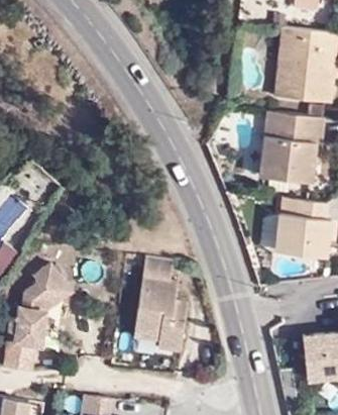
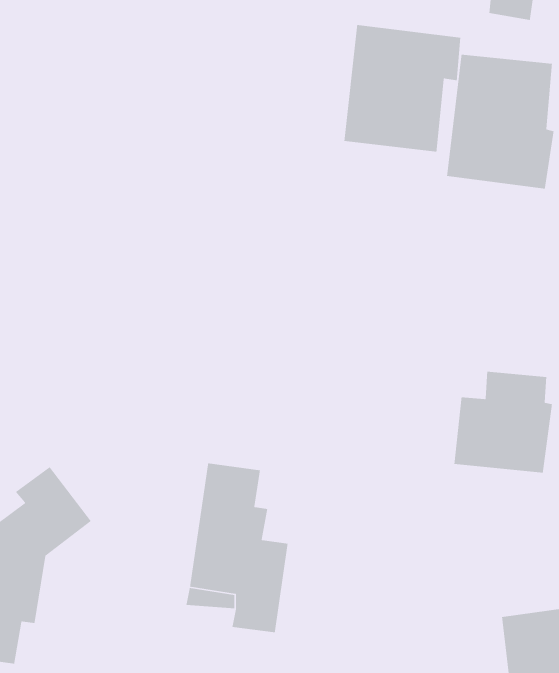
building: [258,115,323,186] -> [344,24,461,153]

